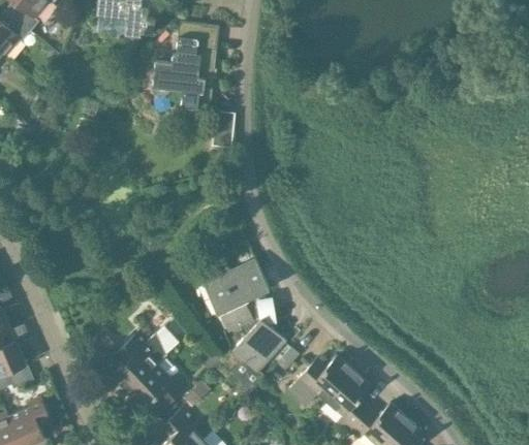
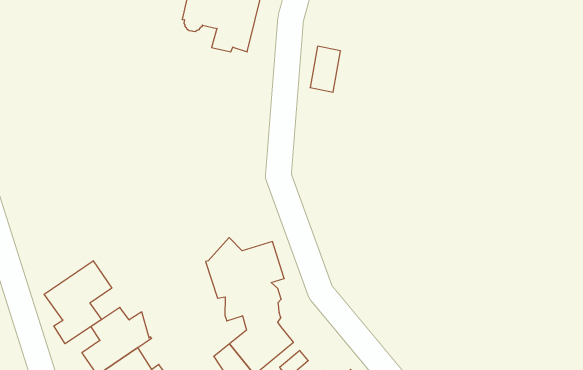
building: [215,110,236,147] -> [310,46,341,92]
building: none -> [44,261,112,344]

